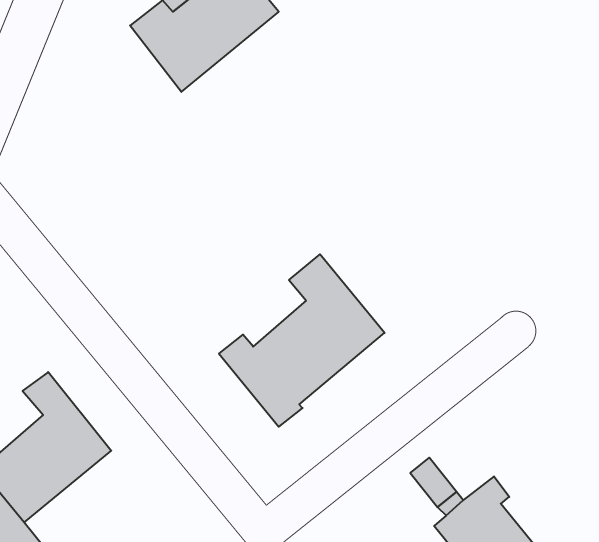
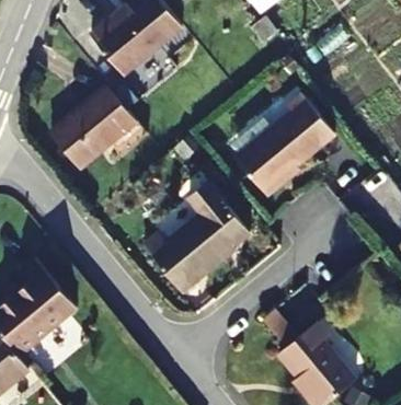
building: none -> [50,90,134,170]
building: none -> [236,96,335,198]

